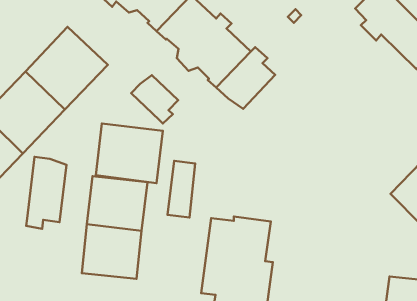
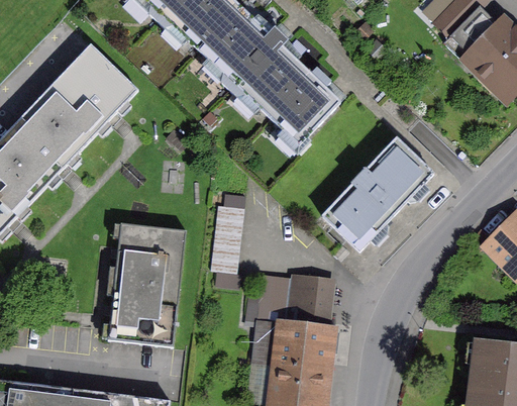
building: [131,75,178,123] -> none
building: none -> [321,137,433,251]
building: [96,123,163,183] -> none
building: [26,157,66,229] -> none

